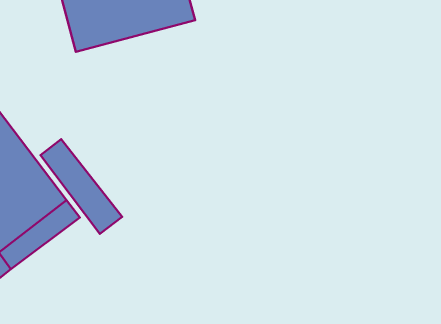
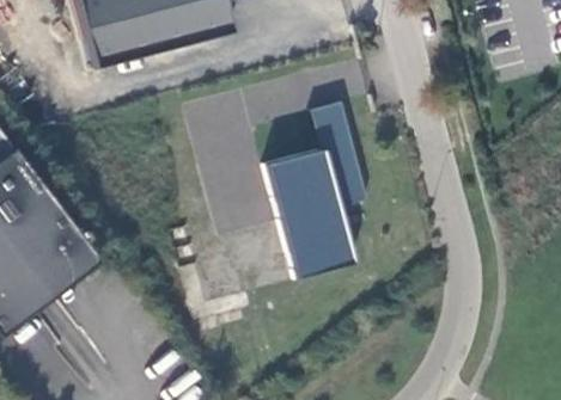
building: none -> [266,99,367,276]
building: [40,139,122,234] -> none

